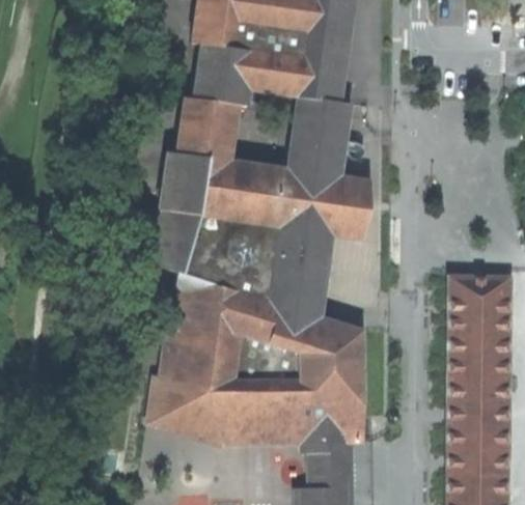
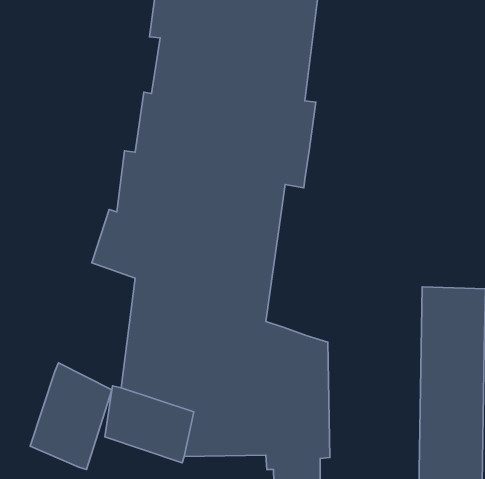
building: [302,174,368,315] -> none
building: none -> [30,363,112,470]

